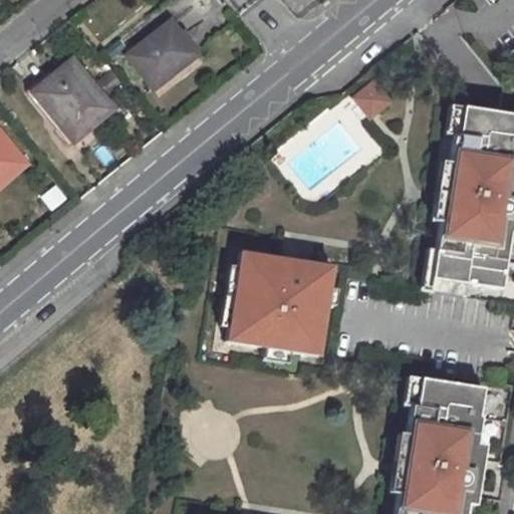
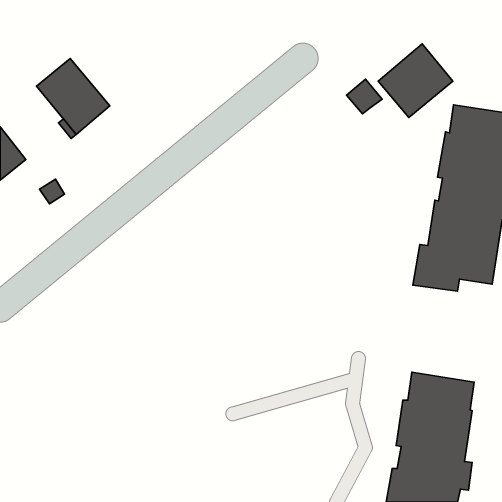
building: [131,19,200,86] -> none
building: none -> [378,44,453,118]
building: [228,249,335,353] -> none

